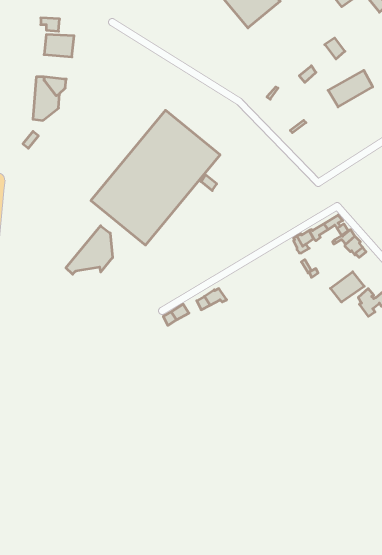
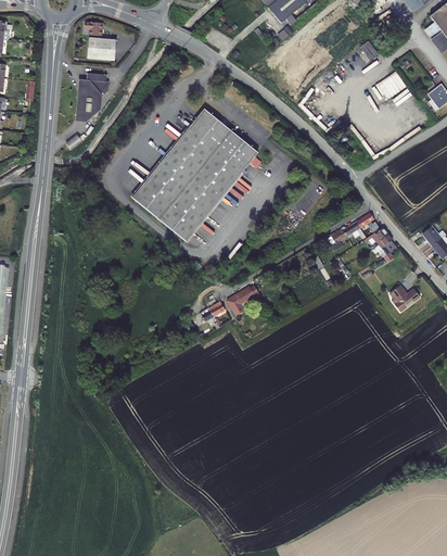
building: [66,226,113,274] -> none
building: [330,272,364,302] -> none

